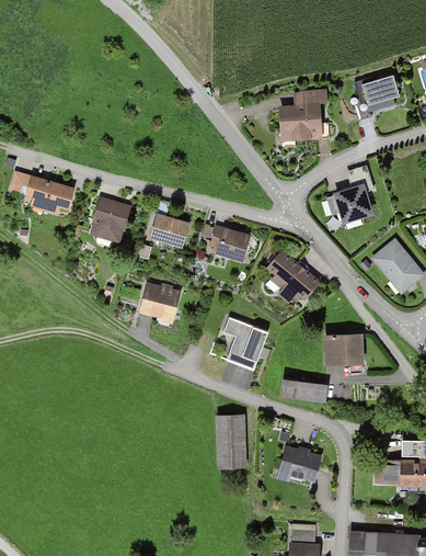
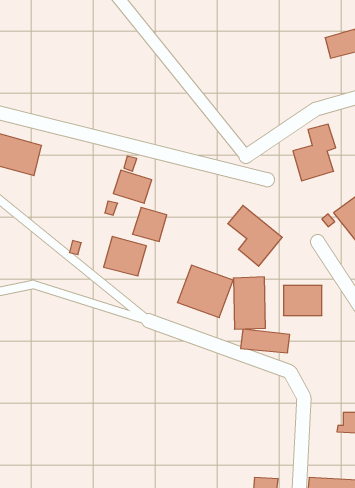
building: [279,87,327,138] -> none
building: [88,198,129,245] -> none
building: [212,228,247,263] -> [132,207,167,241]
building: [214,415,246,468] -> [233,277,265,329]
building: [277,446,319,484] -> none

